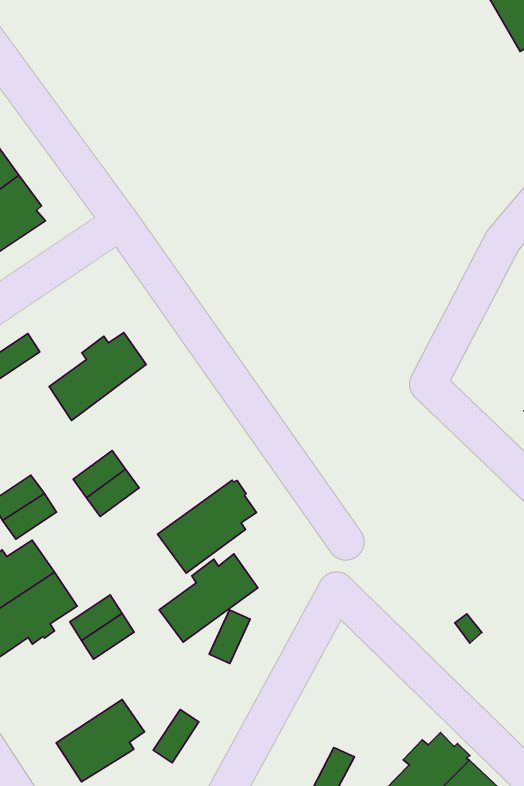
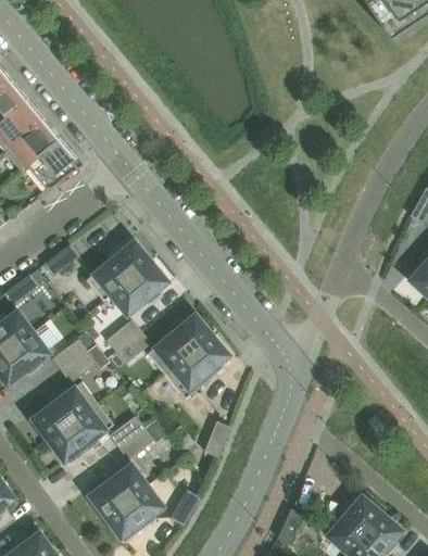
building: none -> [110,261,168,314]
building: [159,554,258,642] -> [148,313,213,374]
building: none -> [89,464,148,517]

